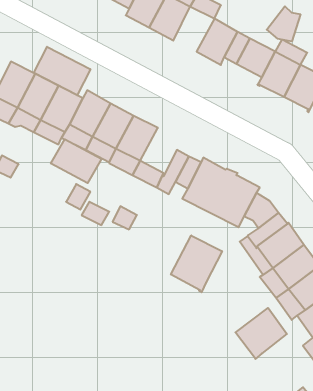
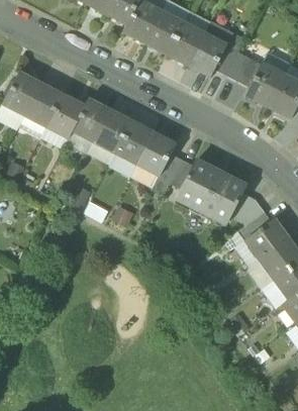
building: [267,6,300,41] -> none
building: none -> [168,21,205,63]
building: [34,47,90,95] -> none
building: none -> [137,132,176,177]
building: [51,139,101,183] -> none
building: [171,235,222,292] -> none
building: [235,308,287,359] -> none

